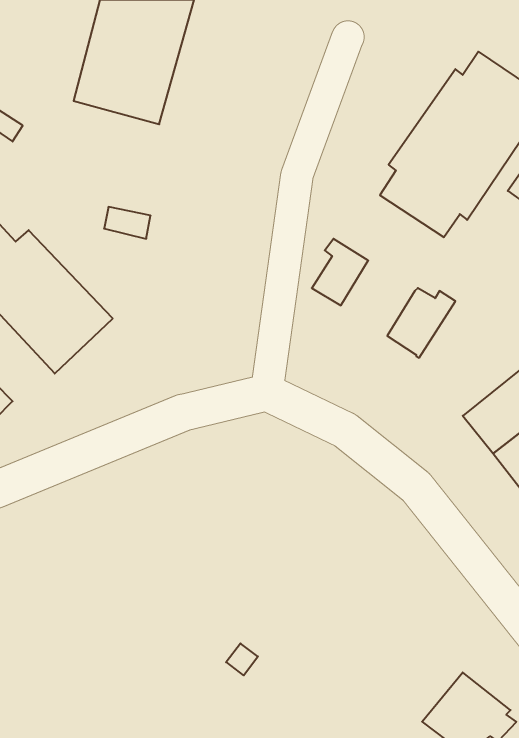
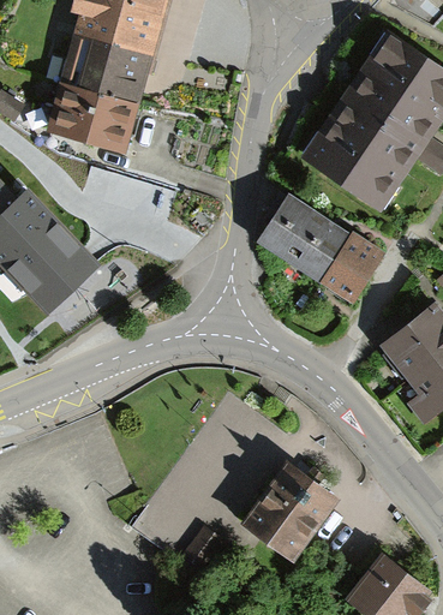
building: none -> [50,85,134,149]
building: none -> [285,217,346,280]
building: none -> [246,465,334,556]

